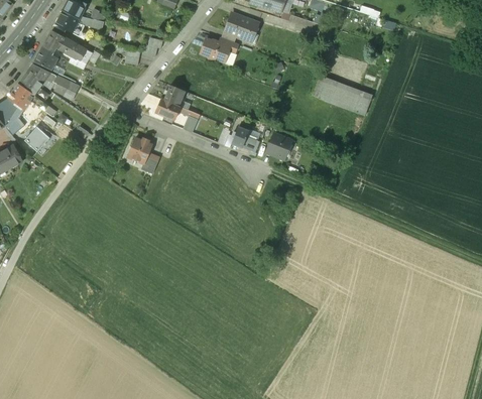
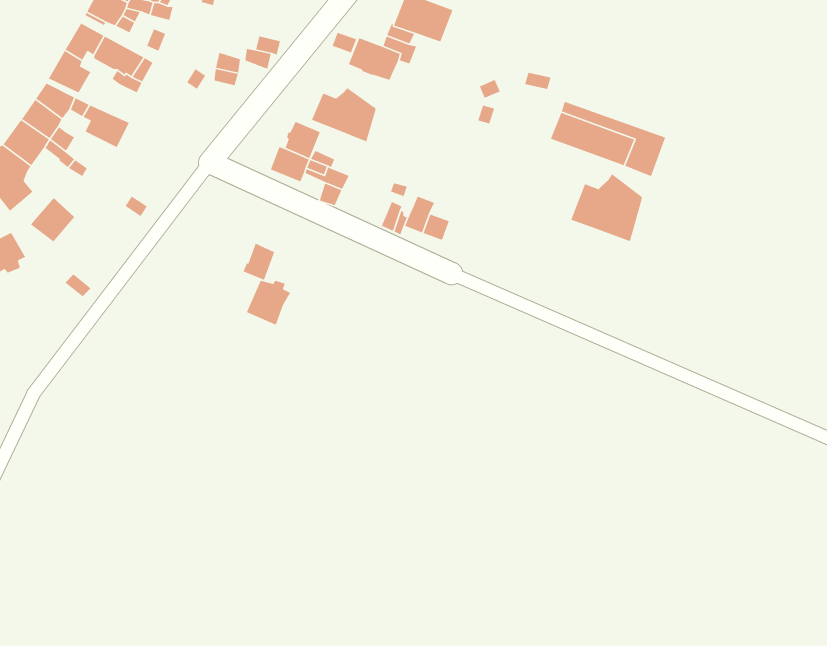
building: none -> [311,87,376,143]
building: none -> [570,173,643,242]
building: [266,133,290,158] -> none
building: [127,137,152,162] -> [246,280,291,325]

